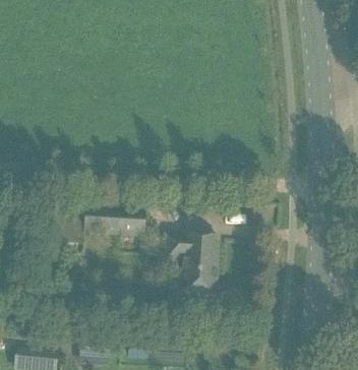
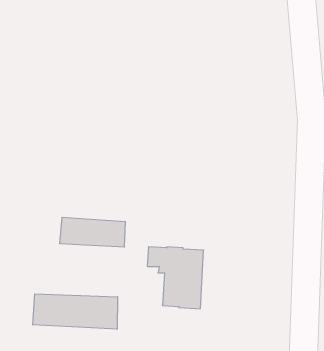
building: none -> [33,294,118,329]

